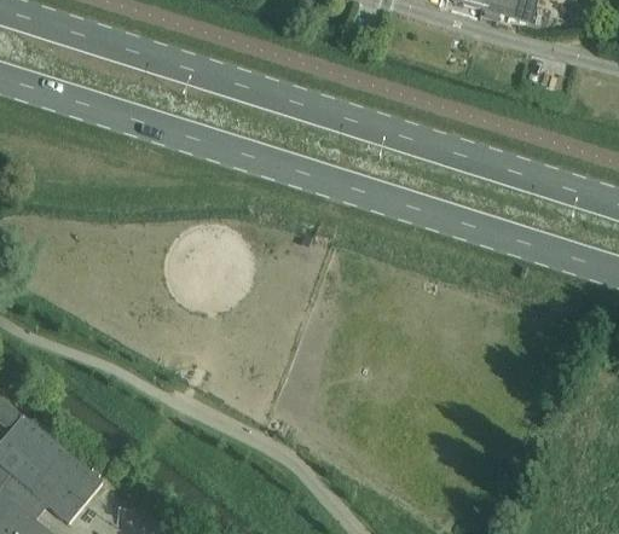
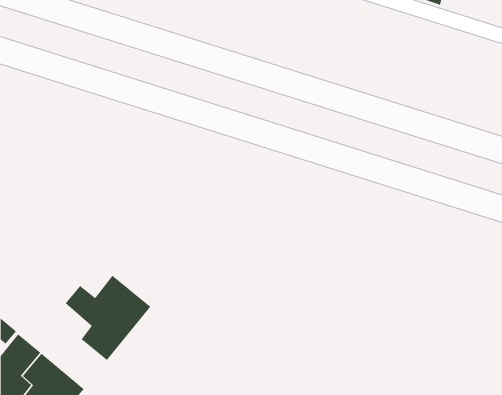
building: none -> [65,275,151,361]

